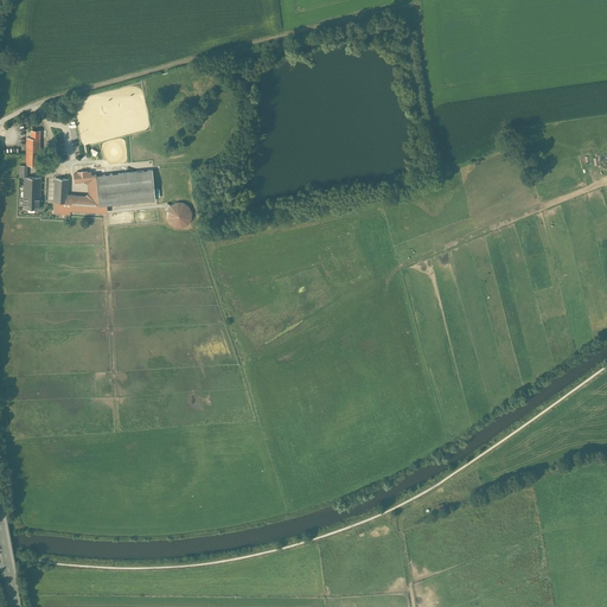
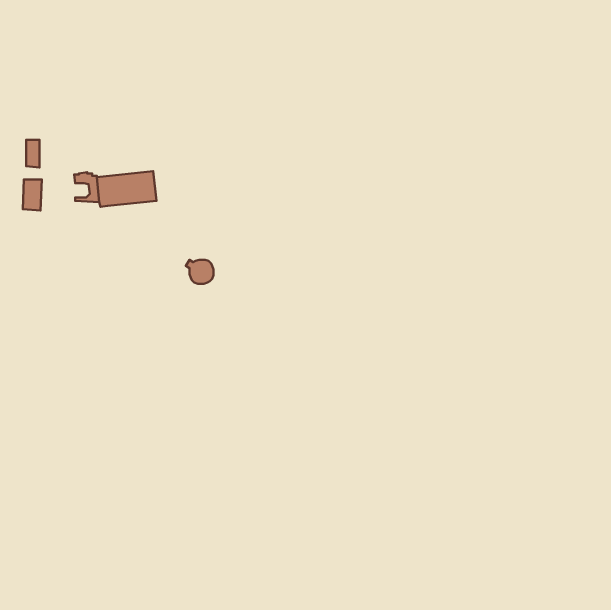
building: [53,179,108,216] -> none
building: [164,204,191,228] -> [186,260,213,284]

